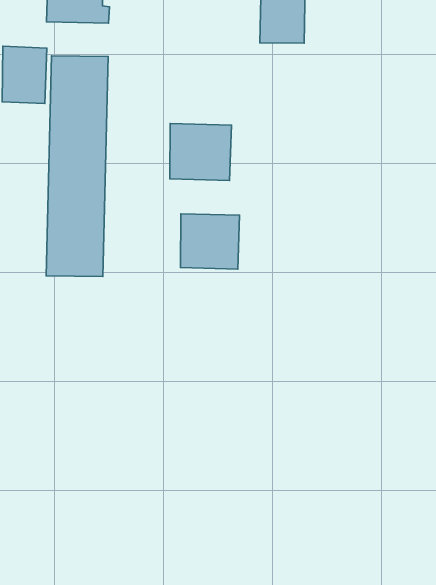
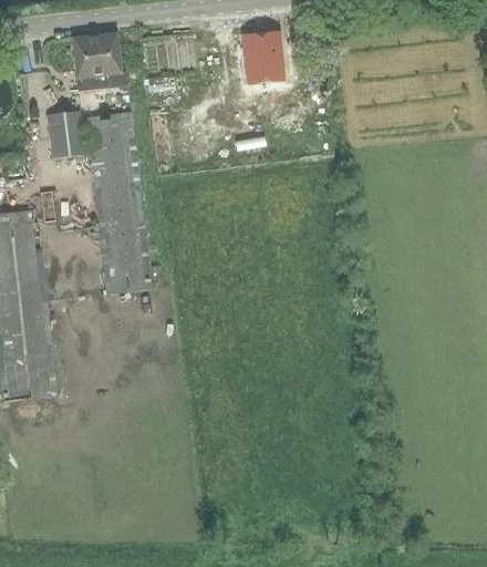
building: [170,124,231,181] -> none
building: [180,214,239,269] -> none

